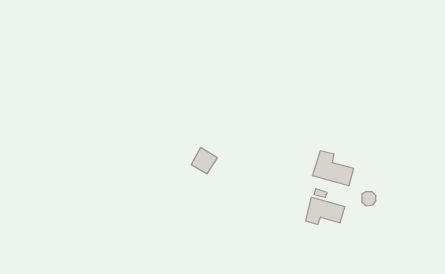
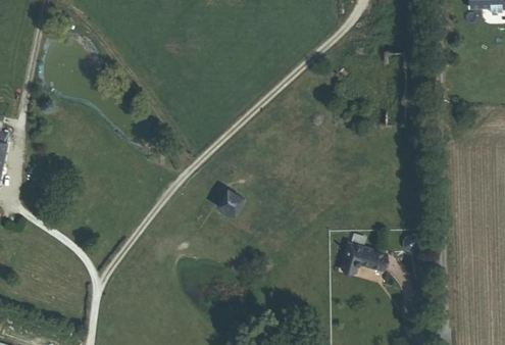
building: [313,151,353,186] -> none

